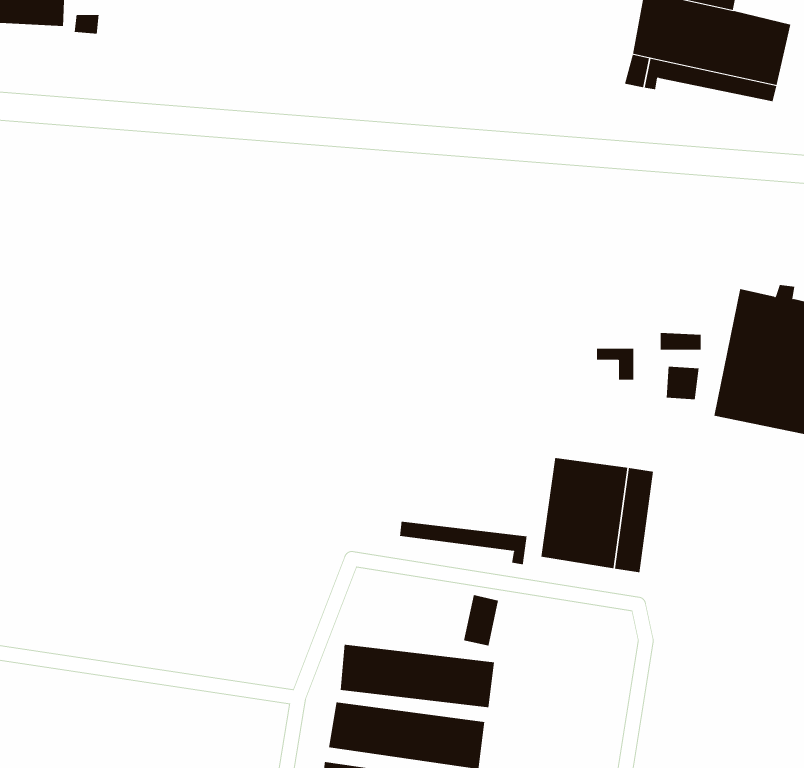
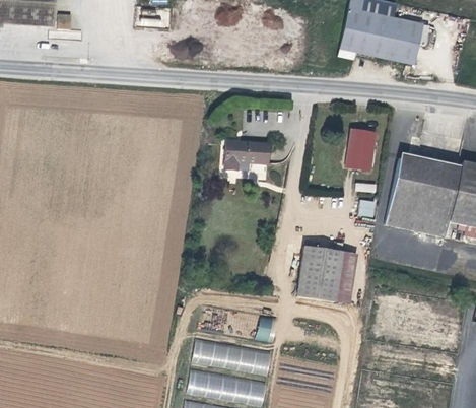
building: none -> [346,129,376,169]
building: none -> [225,139,269,167]
building: [400,521,527,565] -> none

